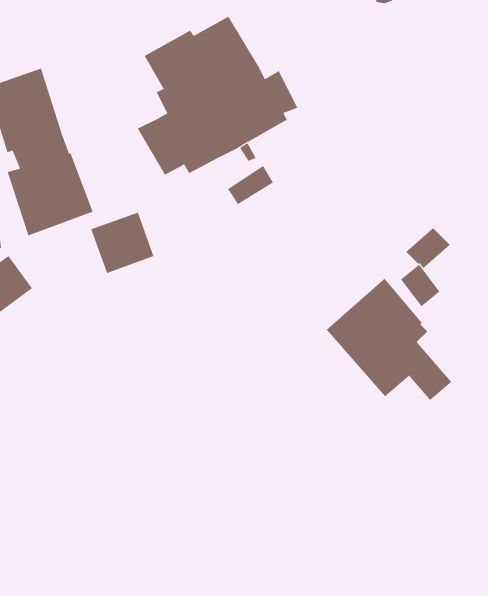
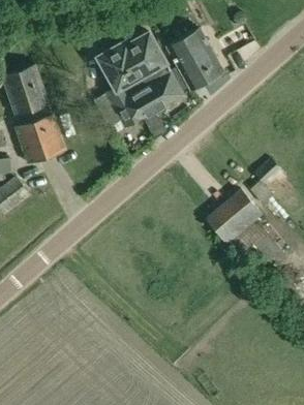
building: none -> [165,28,222,90]
building: [91,212,154,274] -> none

